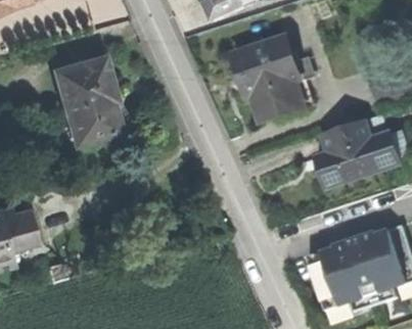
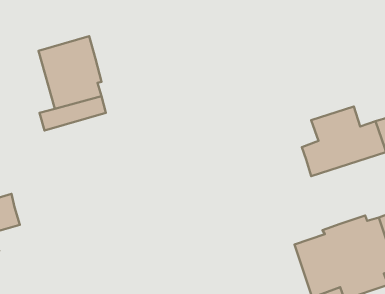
building: [235,37,304,122] -> none

